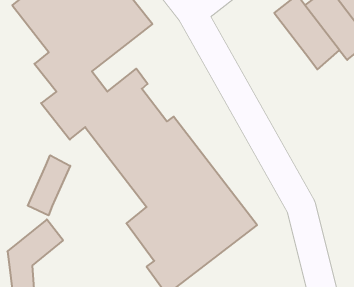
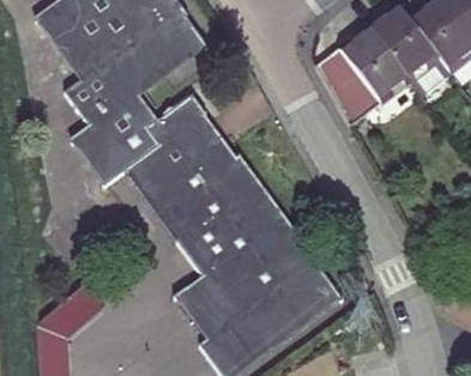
building: none -> [313,28,407,128]
building: [28,155,70,215] -> none

